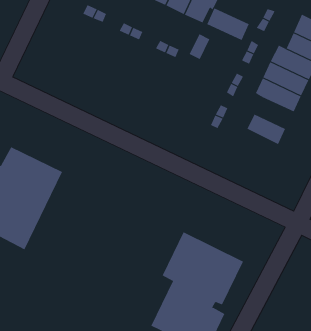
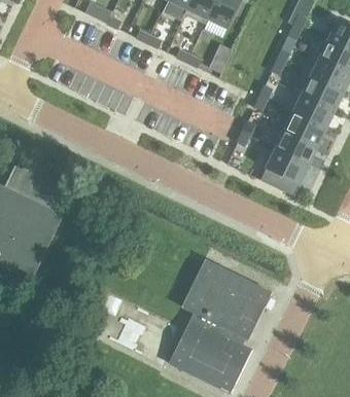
building: [206,8,250,41] -> none
building: none -> [283,111,327,146]
building: none -> [264,146,310,185]

